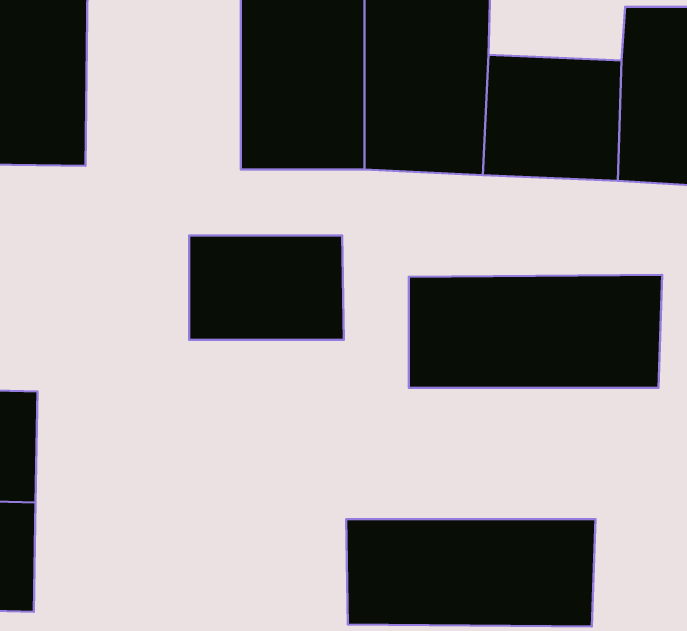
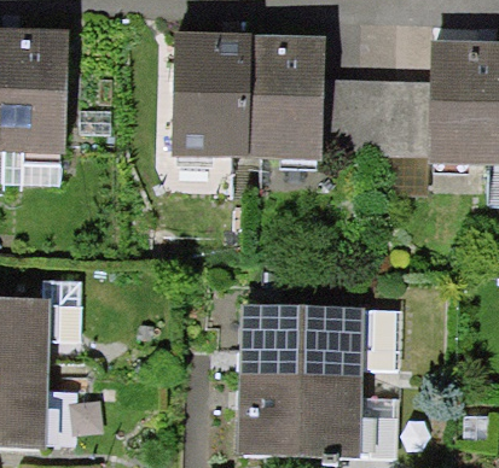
building: [189,235,344,340] -> none
building: [409,275,662,388] -> [242,305,407,379]

